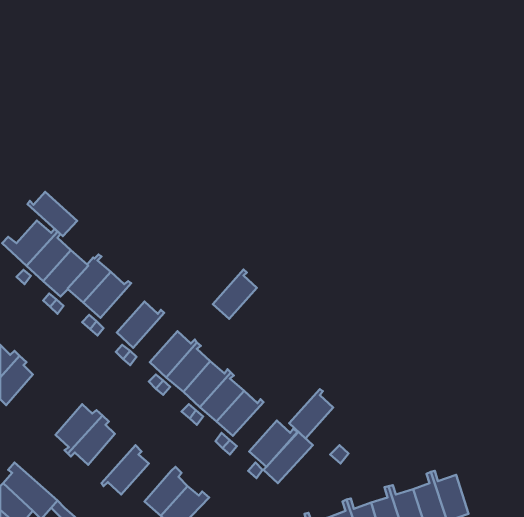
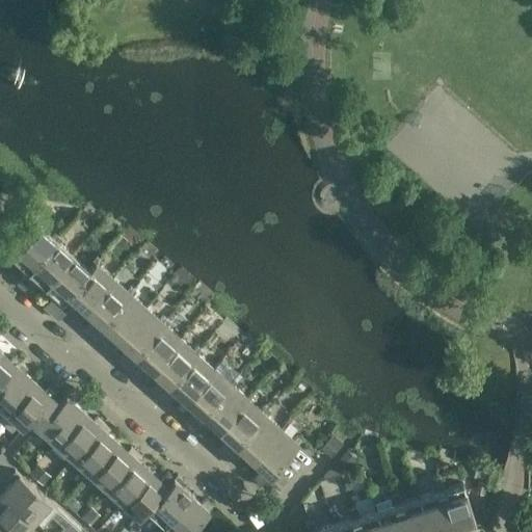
building: [27,192,77,236] -> none
building: [213,269,257,319] -> [135,324,180,374]
building: none -> [102,294,147,344]
building: none -> [6,387,55,436]
building: none -> [34,398,83,448]
building: [289,389,333,438] -> [236,415,281,464]
building: none -> [89,447,137,497]
building: none -> [123,477,174,527]

